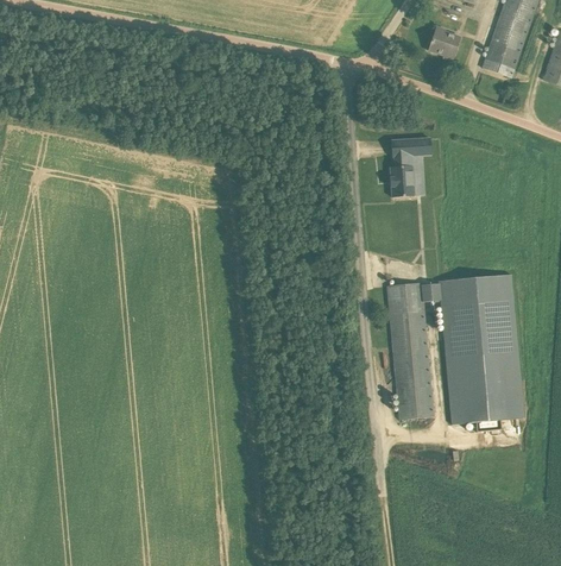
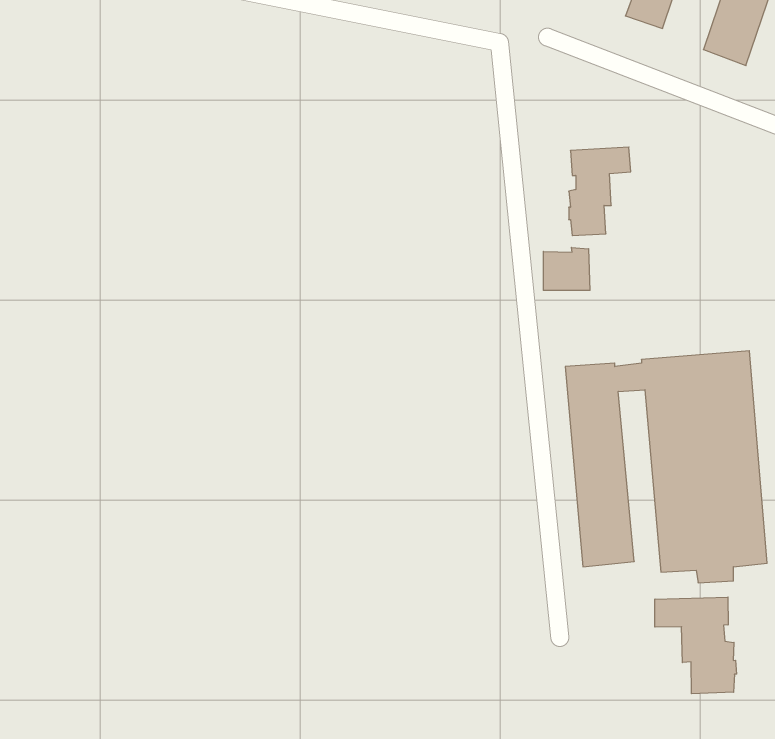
building: none -> [543,247,590,290]
building: none -> [655,597,737,694]

